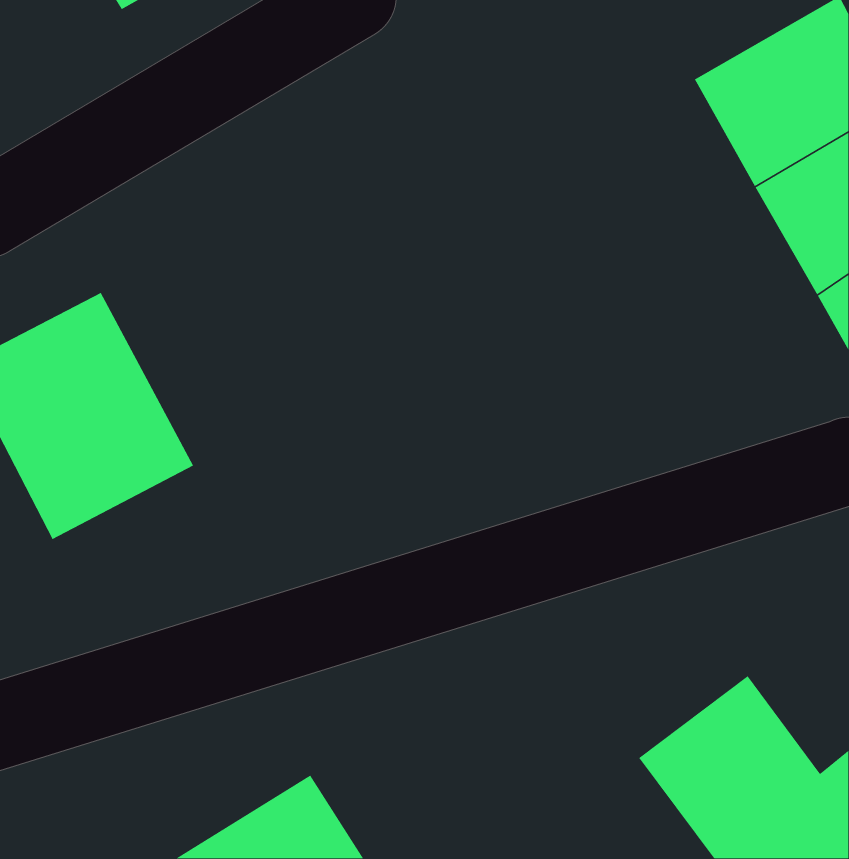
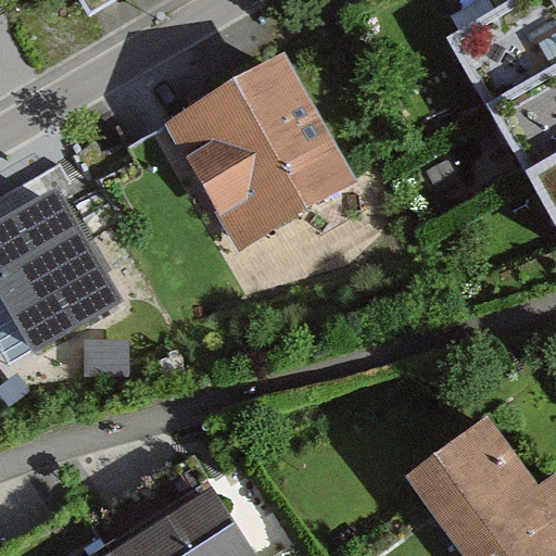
building: none -> [170,52,356,241]

